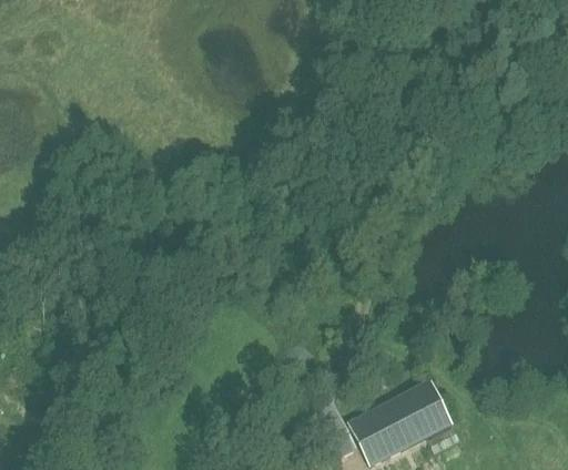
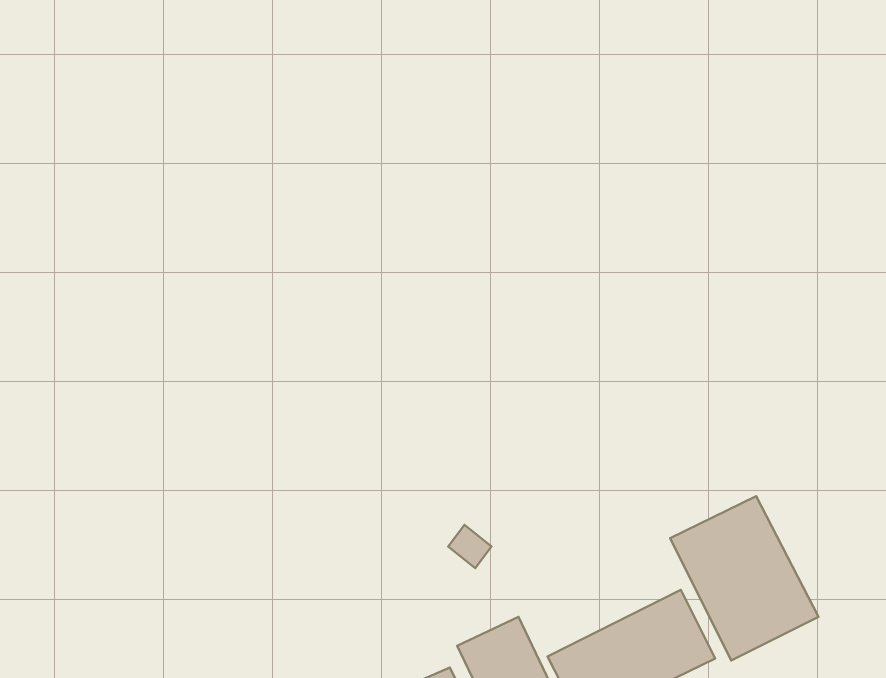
building: none -> [670,496,819,660]

